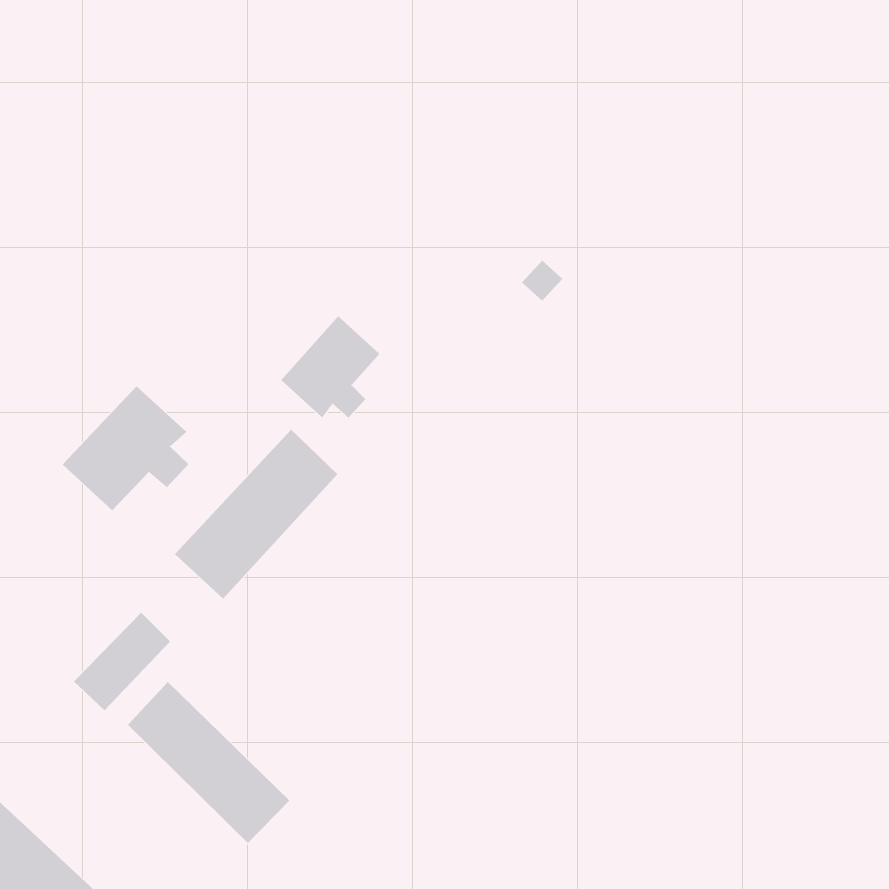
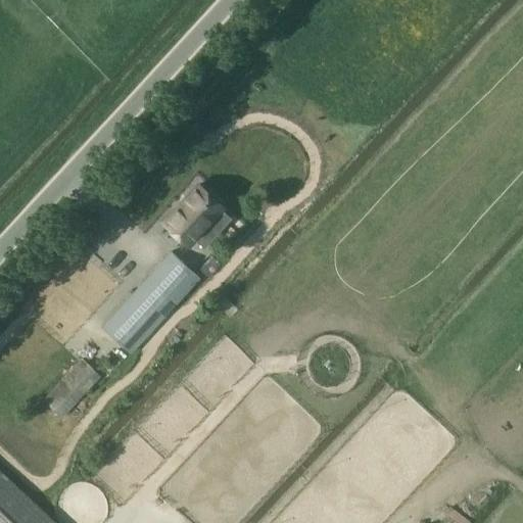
building: [62,385,189,511] -> none
building: [127,681,290,844] -> none

